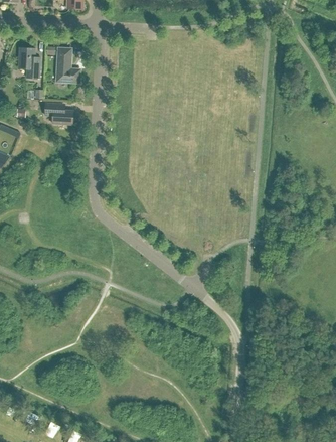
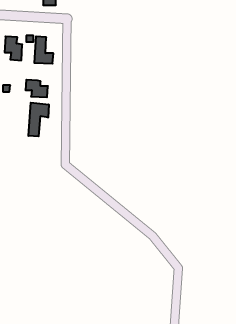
building: none -> [28,103,49,136]

